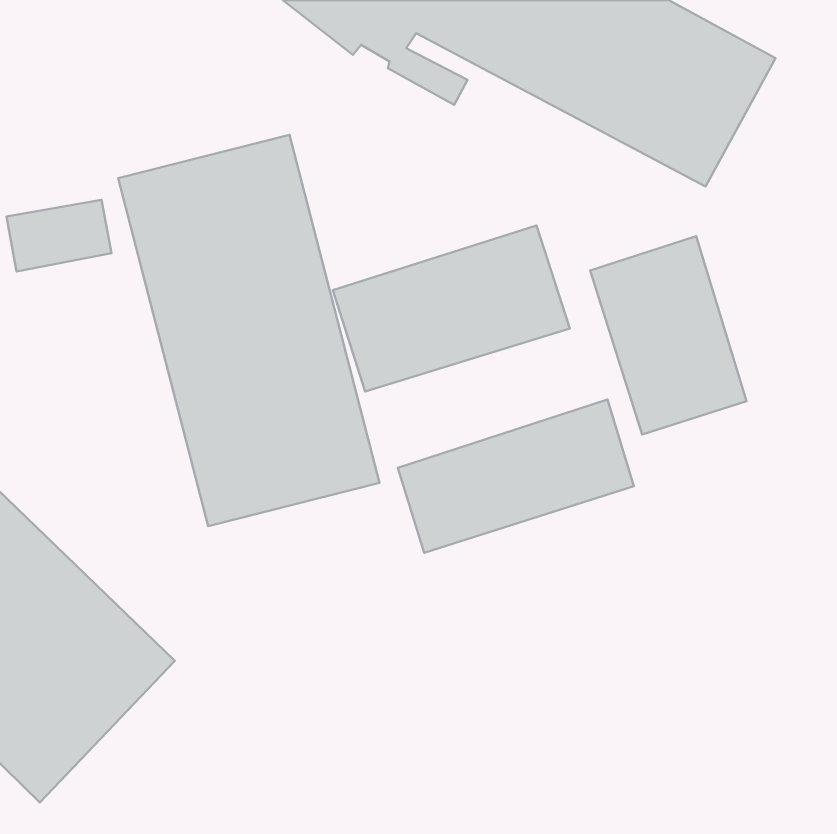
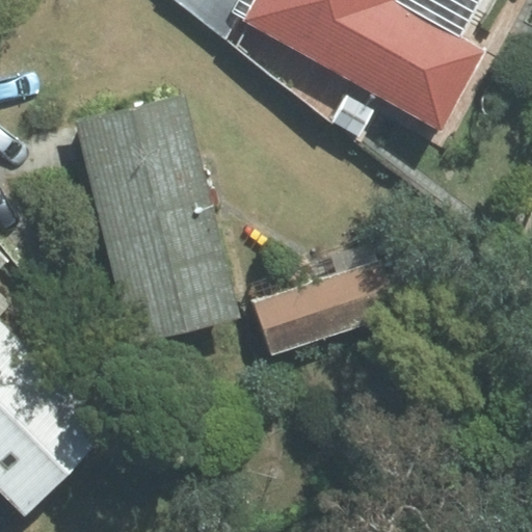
building: [333,225,570,392] -> none
building: [590,236,747,434] -> none

